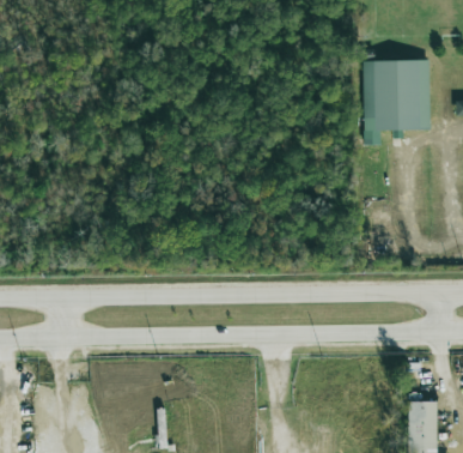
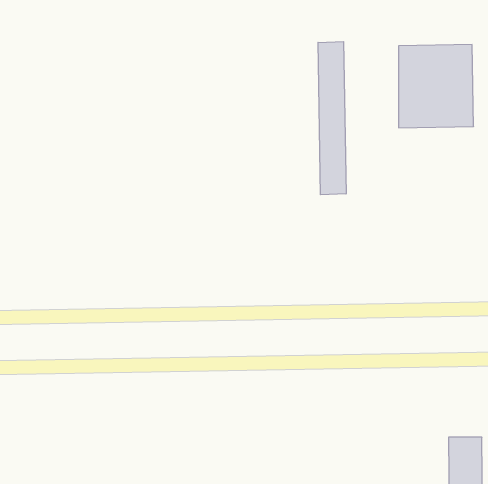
building: none -> [318,42,346,195]

